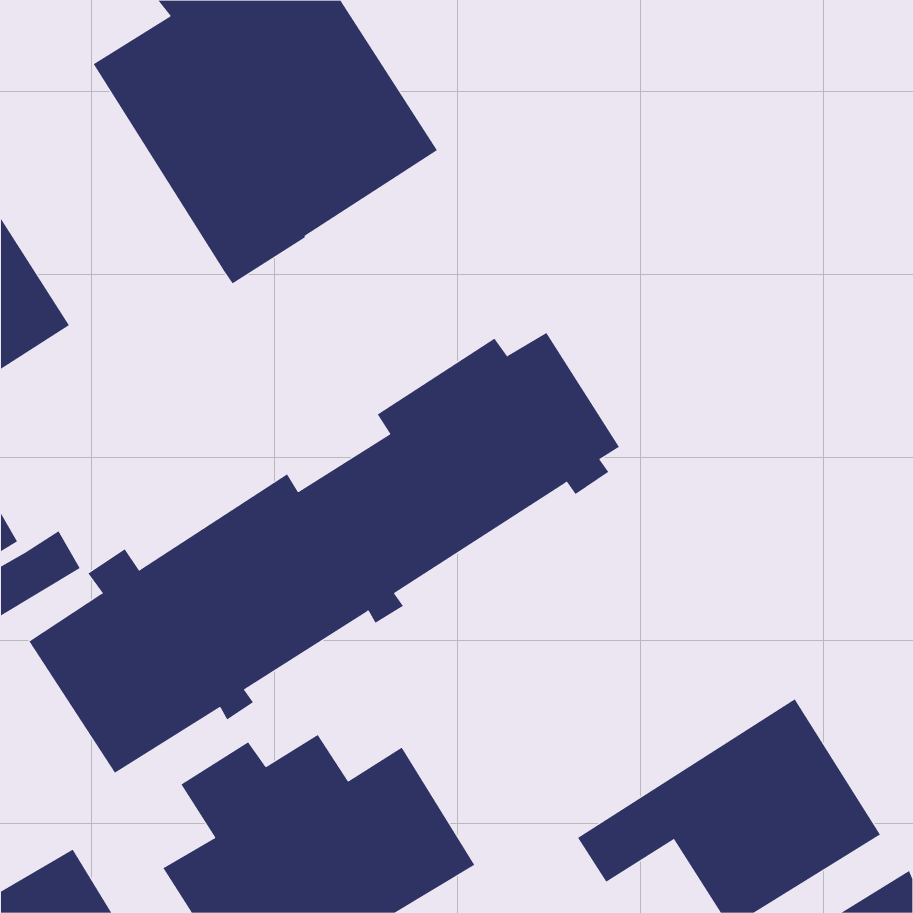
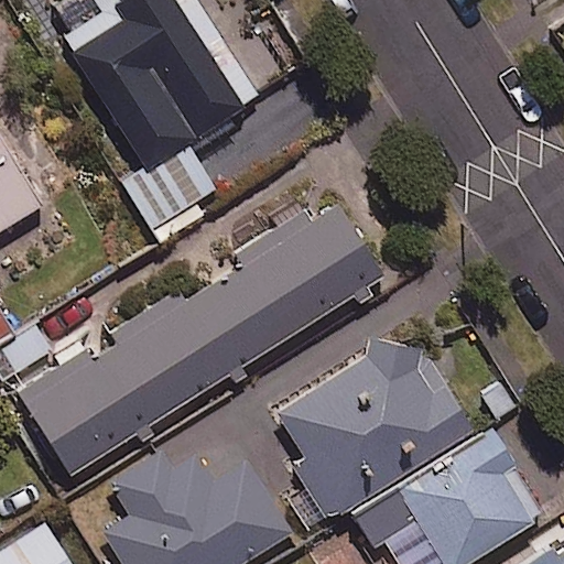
building: none -> [119,147,215,242]
building: none -> [276,330,470,522]

